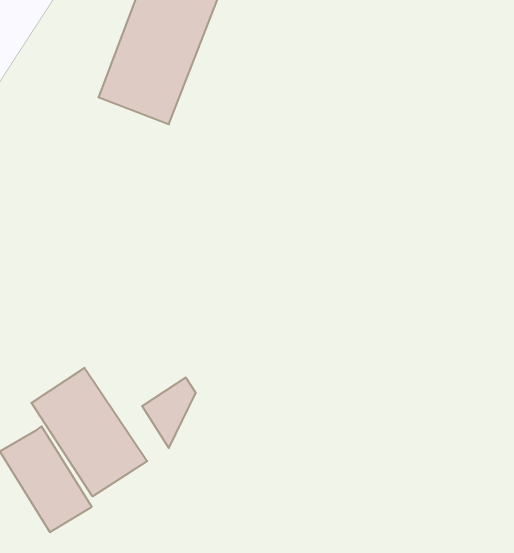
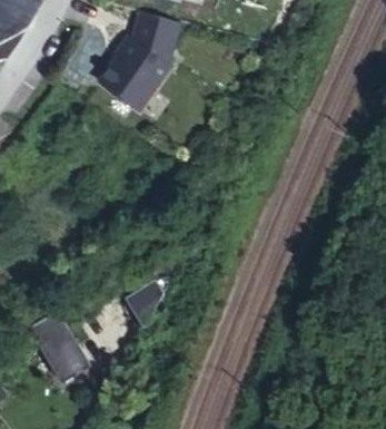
building: [31,368,147,496] -> none

